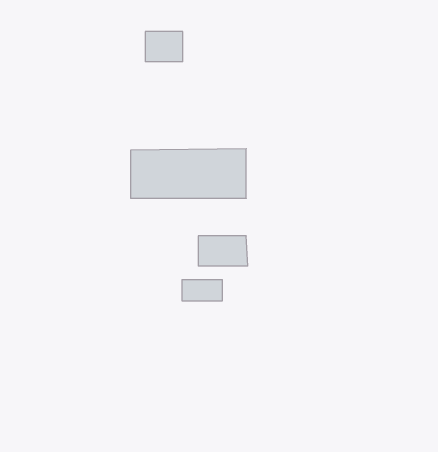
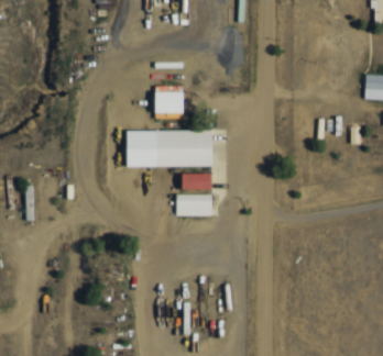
building: [145,32,183,62] -> [155,91,183,113]
building: [182,280,222,301] -> [182,174,211,189]

